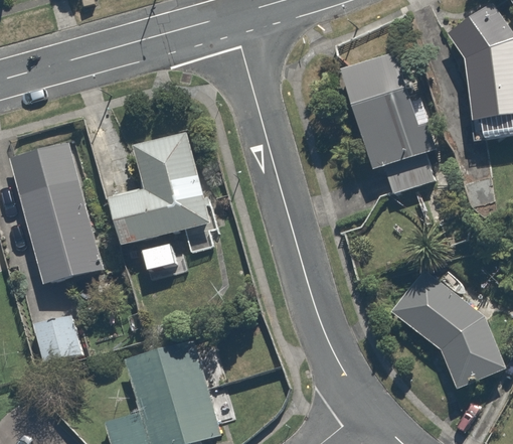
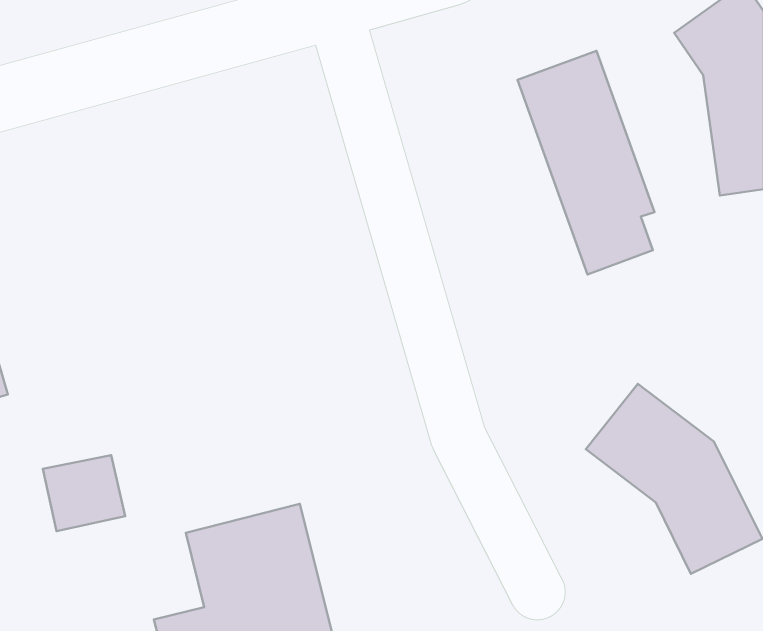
building: [118,130,214,274] -> none
building: [10,142,100,284] -> none

